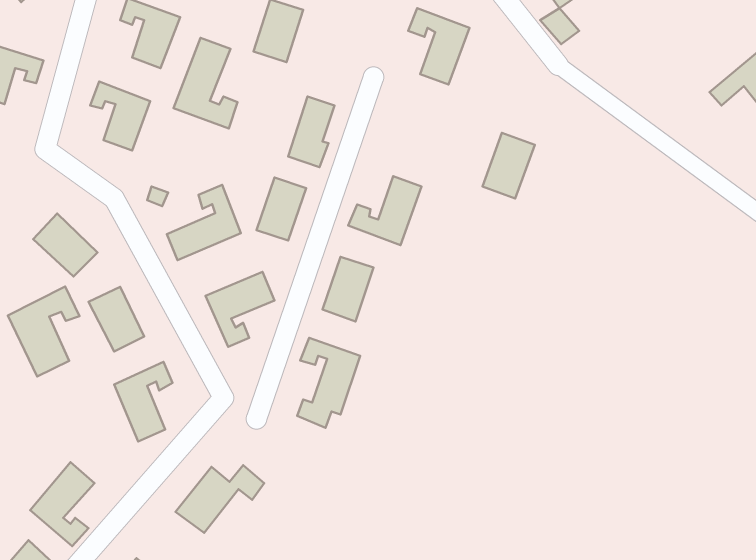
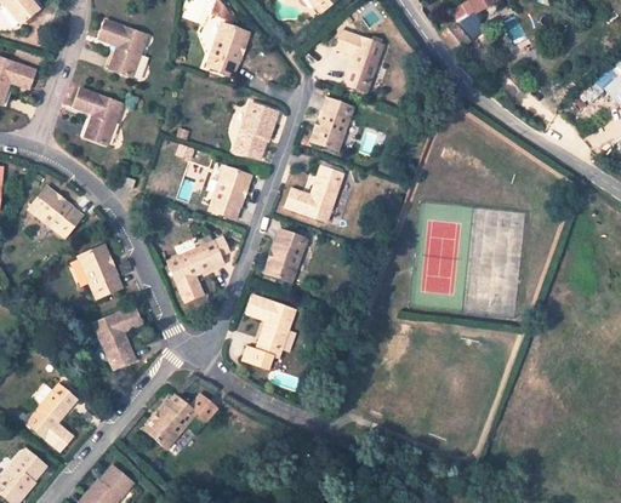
building: [174,38,237,129] -> none
building: [482,133,535,199] -> [309,96,352,149]
building: [167,185,241,260] -> none
building: [8,287,80,376] -> none

